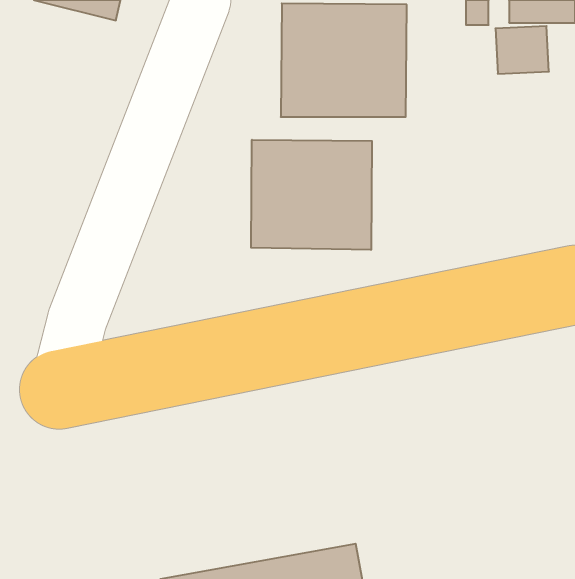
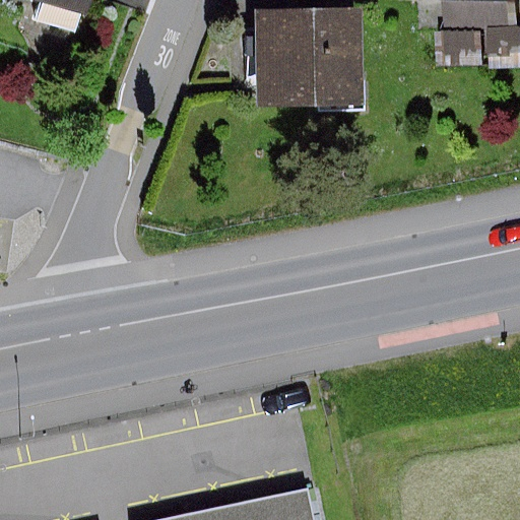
building: [251,140,372,250] -> none

